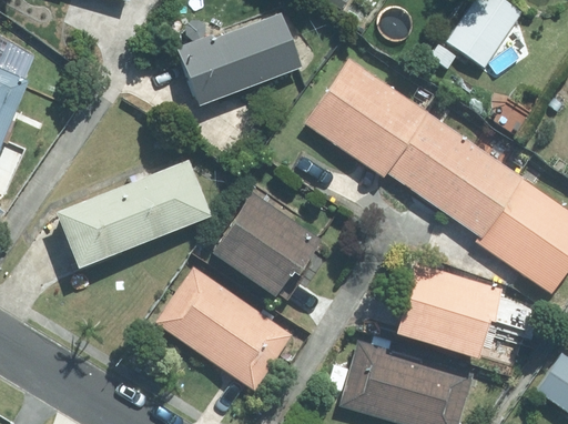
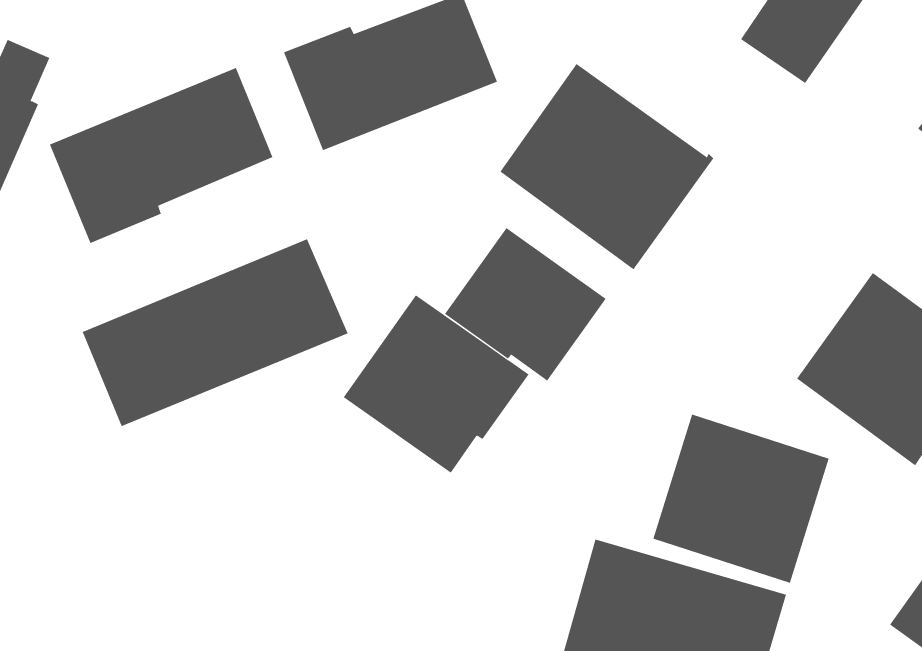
building: none -> [49,67,273,244]
building: [388,112,525,243] -> none
building: none -> [444,227,607,381]
building: [155,265,293,392] -> none

